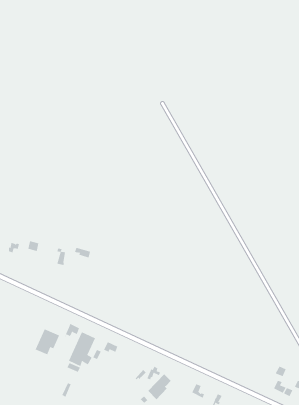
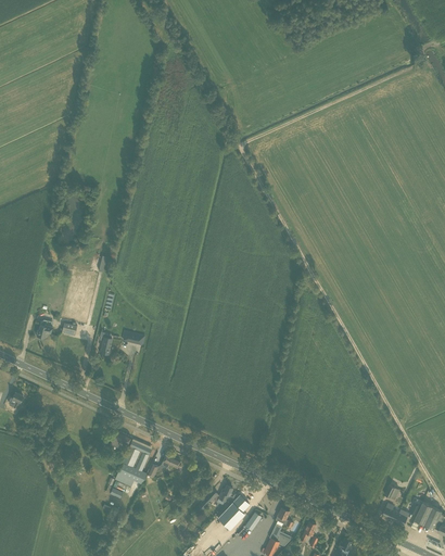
building: [35,329,60,355] -> none

